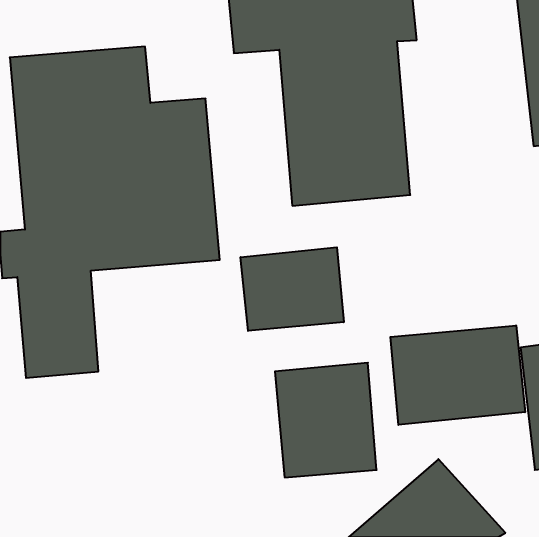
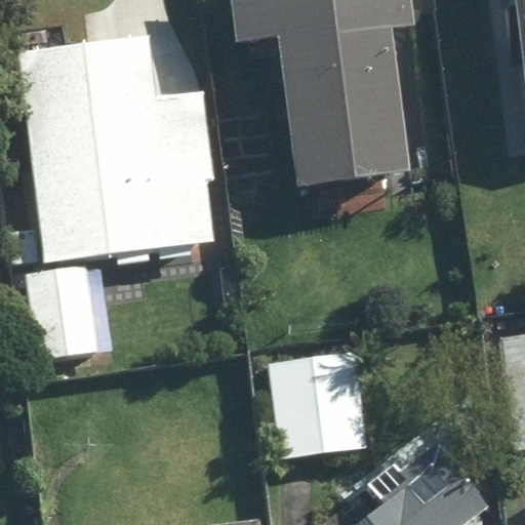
building: [241,247,344,331] -> none
building: [390,325,525,425] -> none

